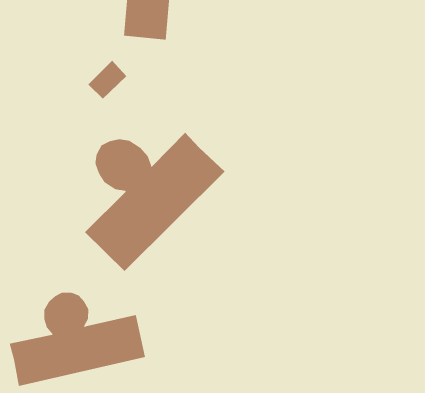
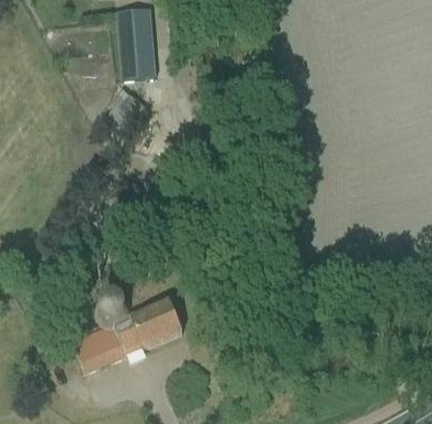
building: [84,132,226,272] -> none

